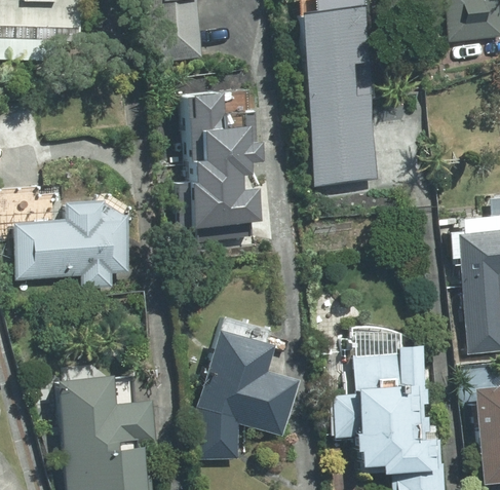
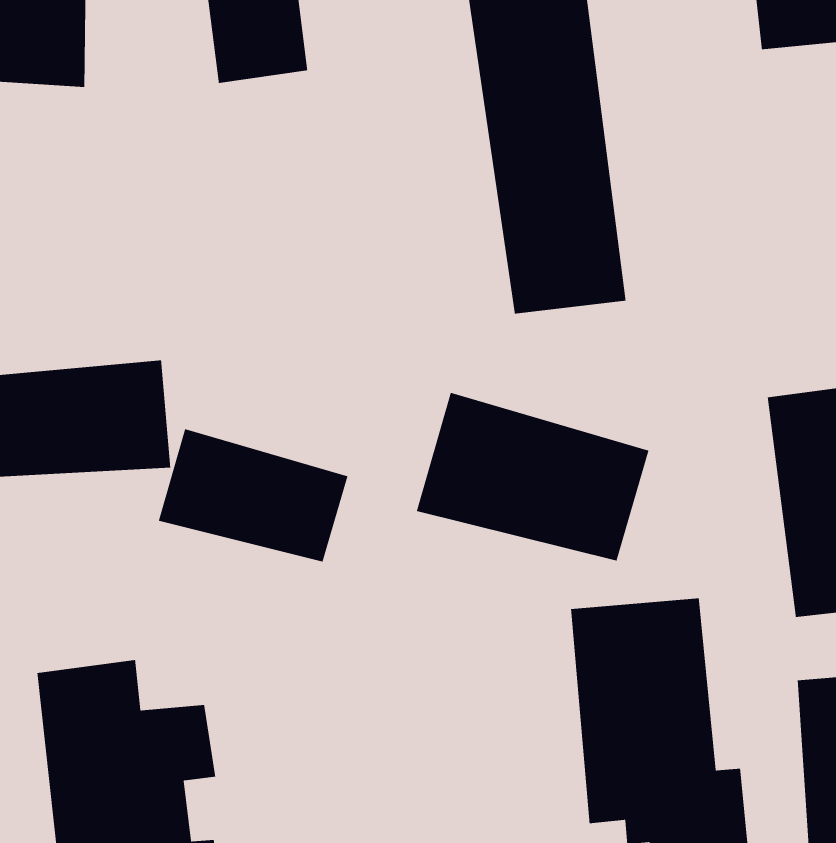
building: [178,97,274,247] -> none
building: none -> [416,392,649,561]
building: none -> [158,428,348,562]
building: [196,329,299,457] -> none

